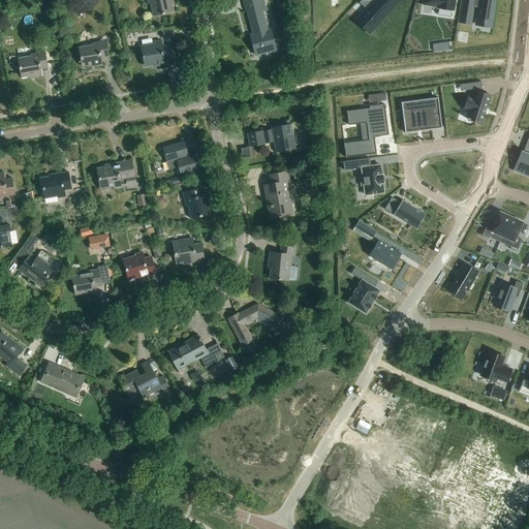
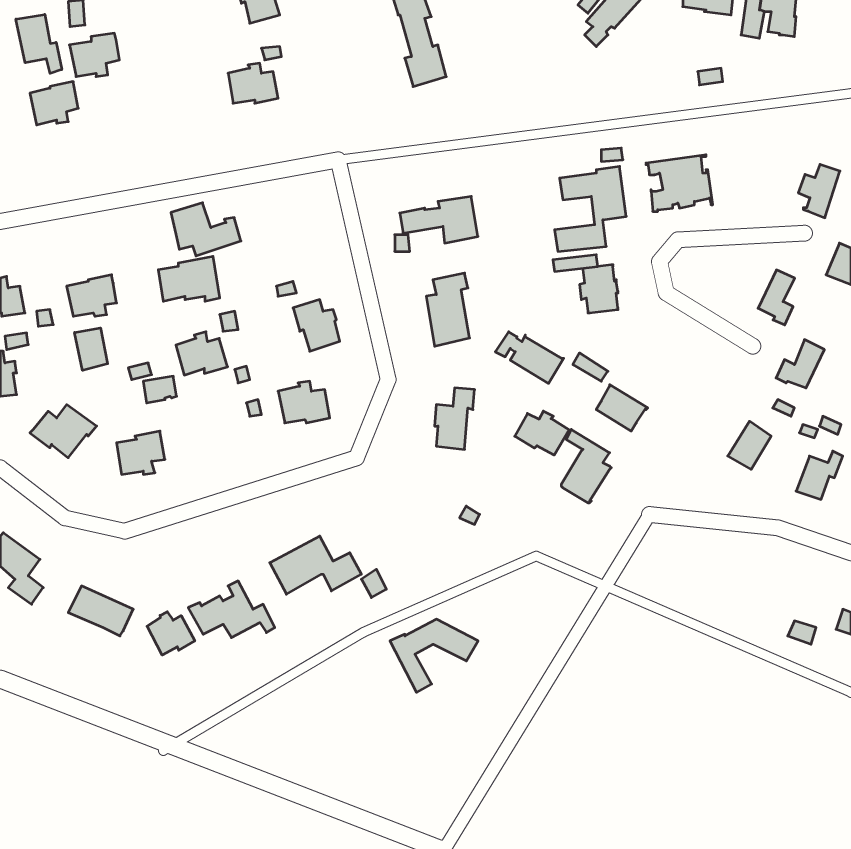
building: none -> [16,14,62,73]
building: [79,39,110,66] -> [69,33,119,77]
building: [464,90,490,123] -> [798,164,840,218]
building: [163,141,207,174] -> [171,203,241,256]
building: [383,196,426,228] -> [495,332,564,383]
building: none -> [75,328,108,370]
building: [500,217,523,251] -> [758,270,795,325]
building: [124,251,156,278] -> [176,332,228,375]
building: none -> [515,411,569,455]
building: [228,303,283,348] -> [390,619,478,692]
building: [480,351,512,381] -> none
building: none -> [147,612,195,655]

